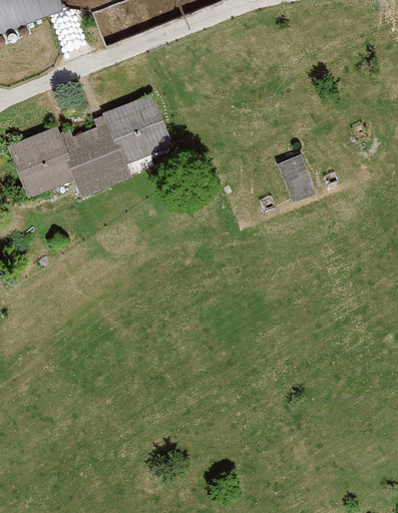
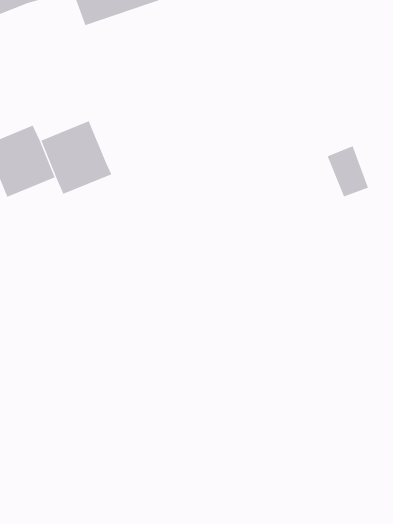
building: [103,94,170,163] -> none
building: [276,153,316,202] -> [327,146,369,197]

